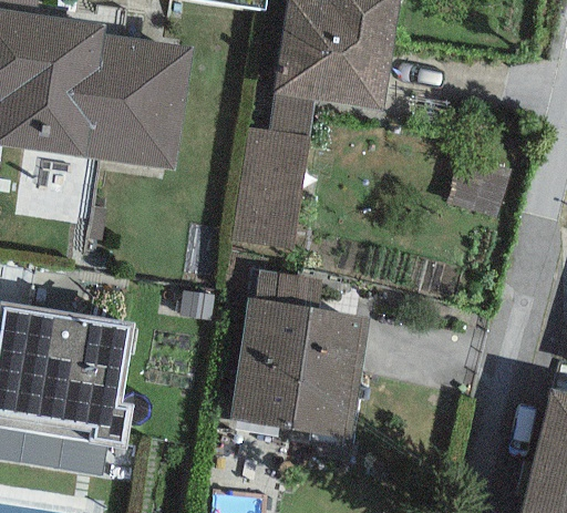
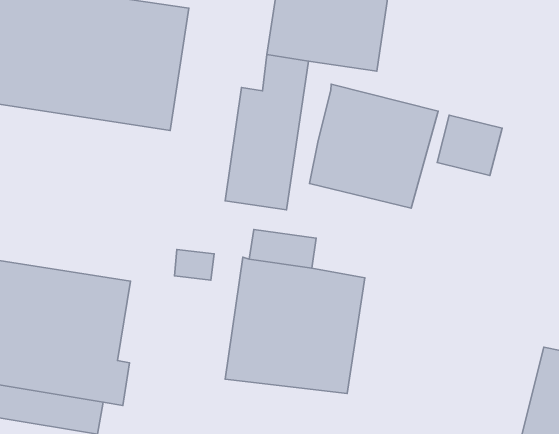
building: none -> [309,84,438,208]

